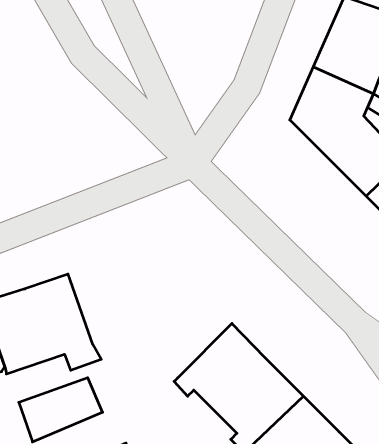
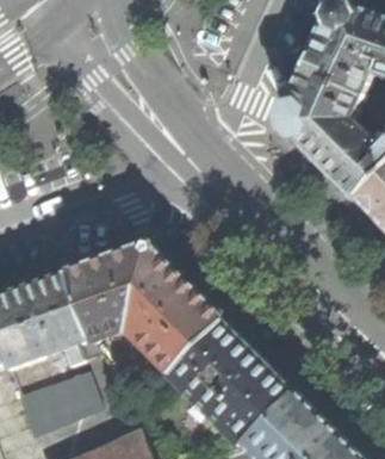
building: none -> [67,244,225,373]

